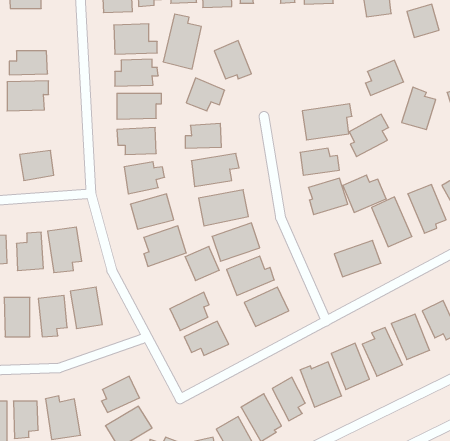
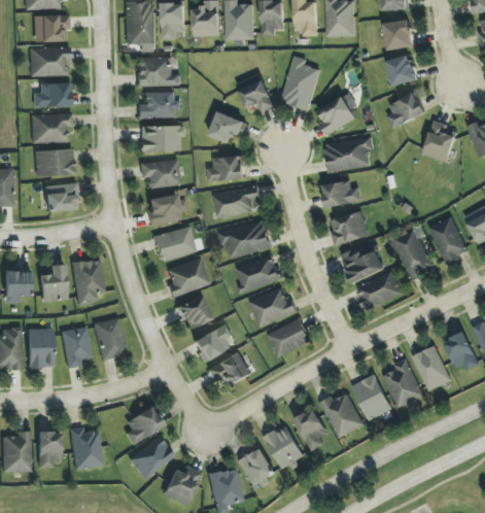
building: [407,4,439,37] -> [386,54,418,87]
building: [163,14,201,69] -> [281,56,319,110]
building: none -> [29,47,71,76]
building: [349,114,389,157] -> [318,93,357,135]
building: none -> [35,149,74,176]
building: [343,175,386,212] -> [341,246,384,283]
building: [185,246,219,281] -> [177,296,211,330]

